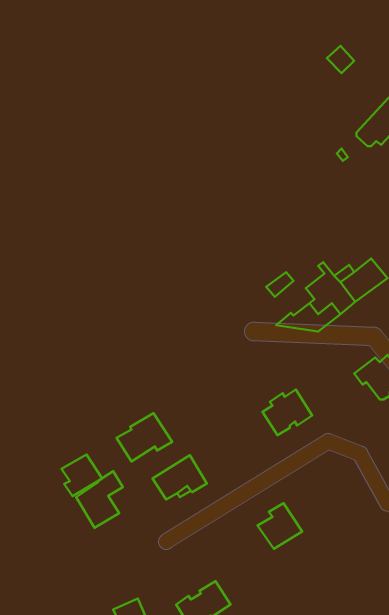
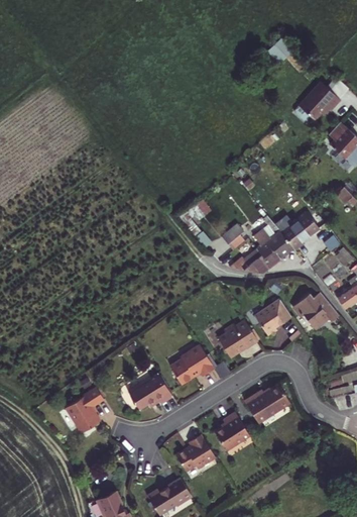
building: none -> [253,299,290,336]
building: [117,413,172,461] -> [168,345,214,385]
building: [62,455,102,496] -> none
building: none -> [243,384,289,423]
building: none -> [174,434,215,472]

